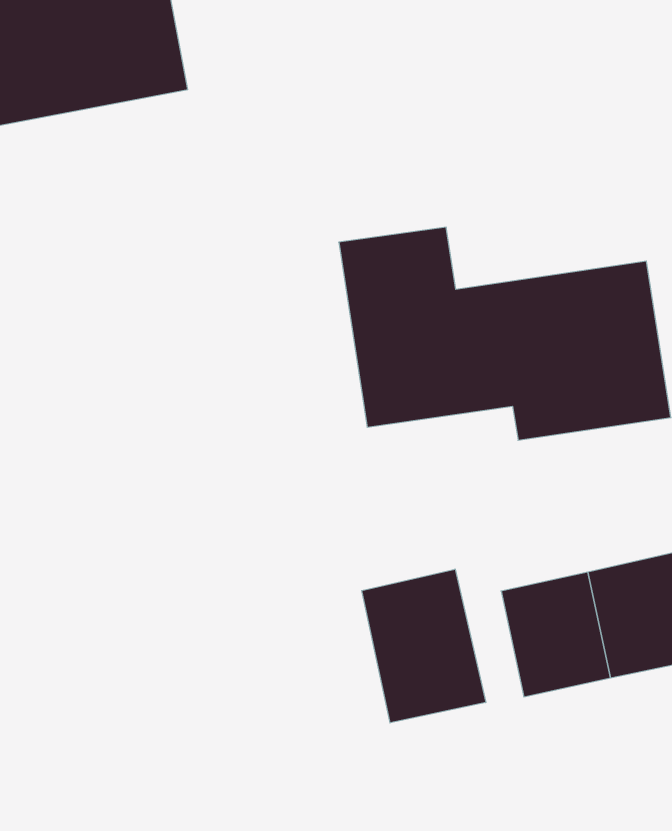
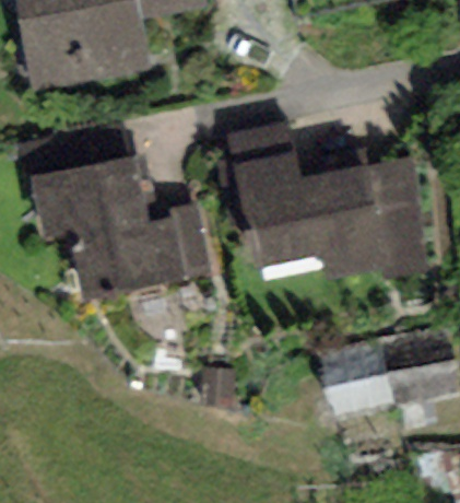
building: none -> [43,163,169,293]
building: [362,569,486,723] -> none

